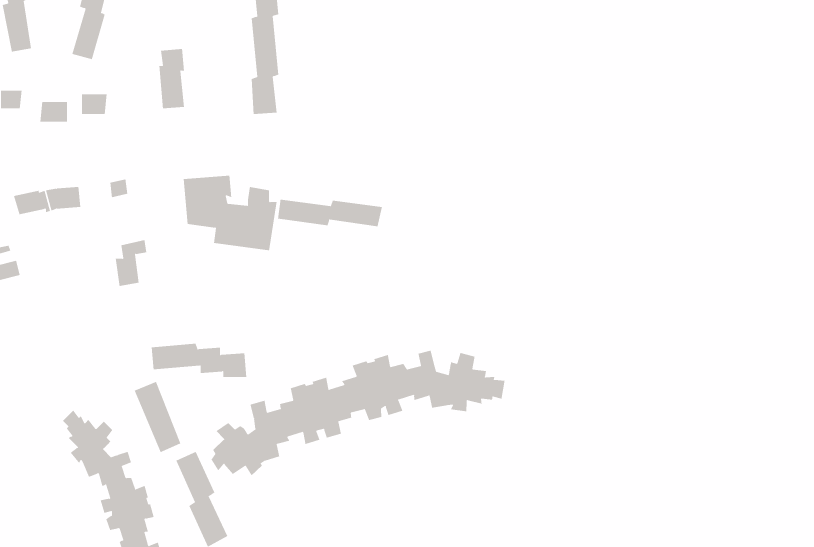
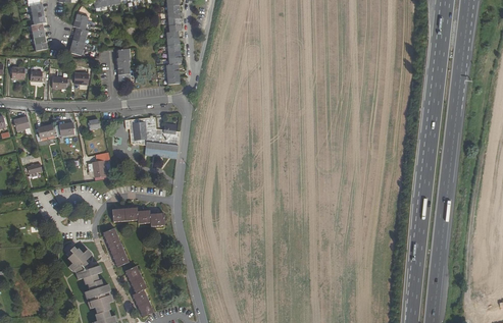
building: [278,199,383,227] -> none
building: [211,350,505,476] -> none

